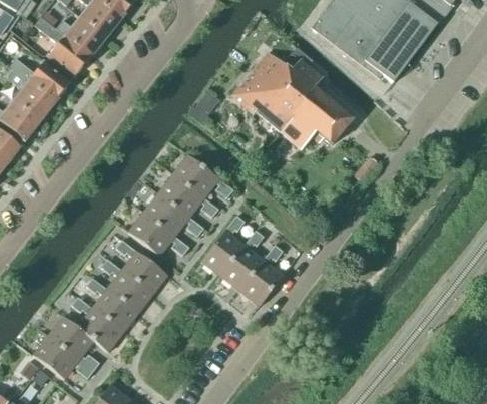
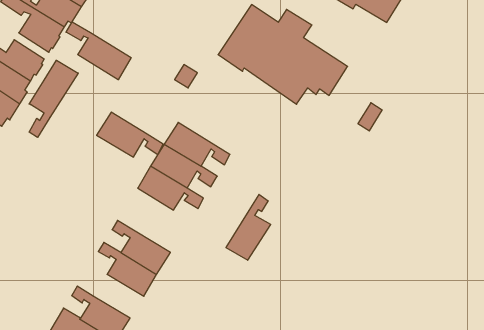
building: none -> [66,22,131,80]
building: none -> [29,60,78,137]
building: [127,212,188,256] -> [97,112,163,157]
building: [201,216,245,276] -> none
building: [238,245,284,306] -> none
building: [85,278,138,332] -> none

